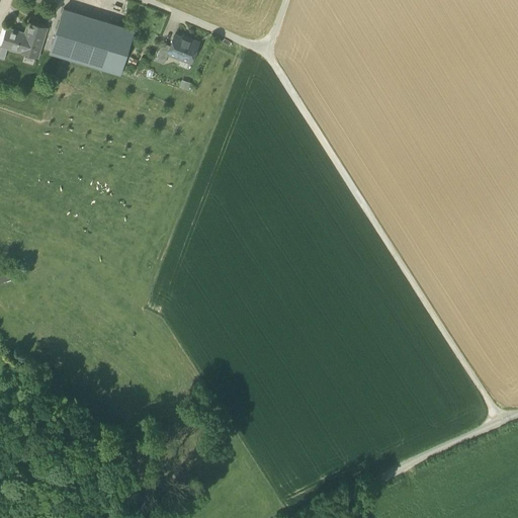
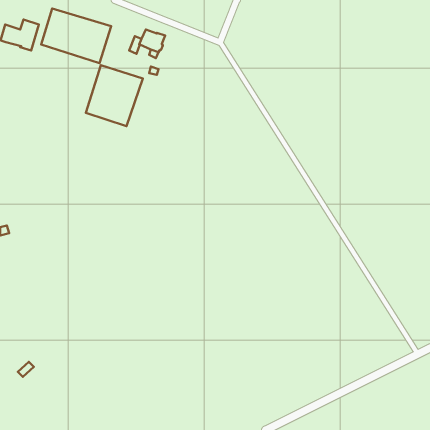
building: none -> [86,65,143,126]

